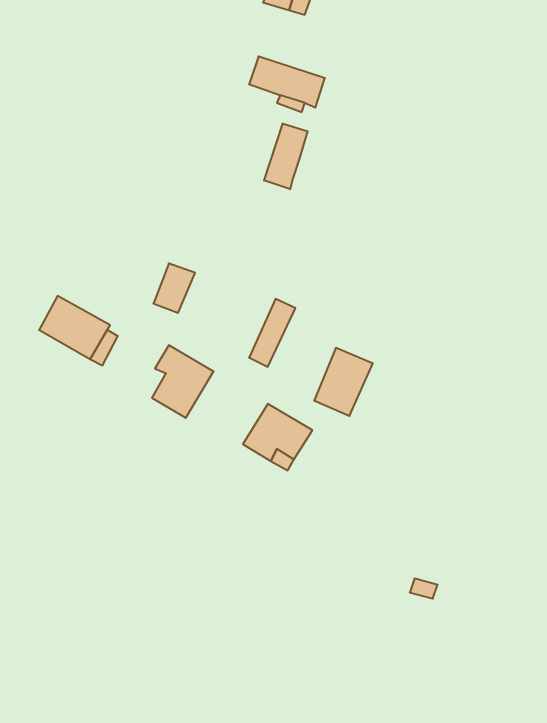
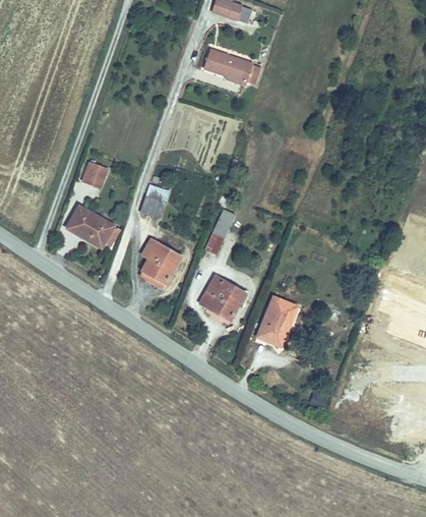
building: [264,123,308,189] -> none
building: none -> [80,160,109,188]
building: [314,348,373,416] -> [258,299,297,344]

